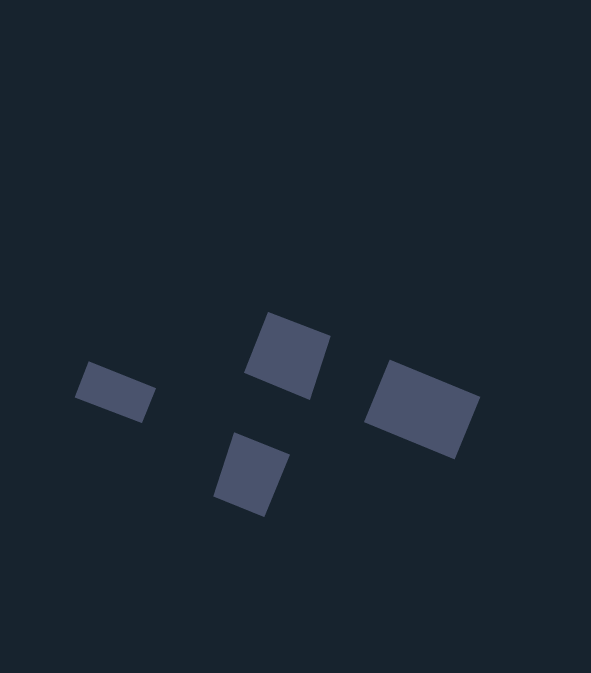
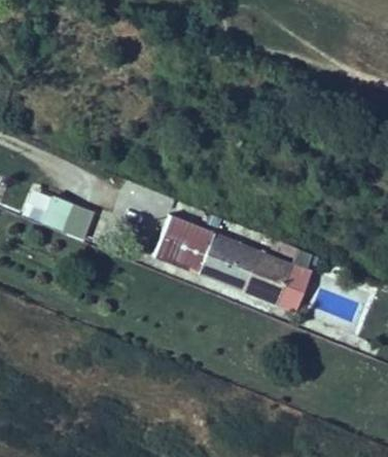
building: [73,360,157,424] -> [39,196,92,236]
building: [212,431,291,518] -> [201,231,250,285]

